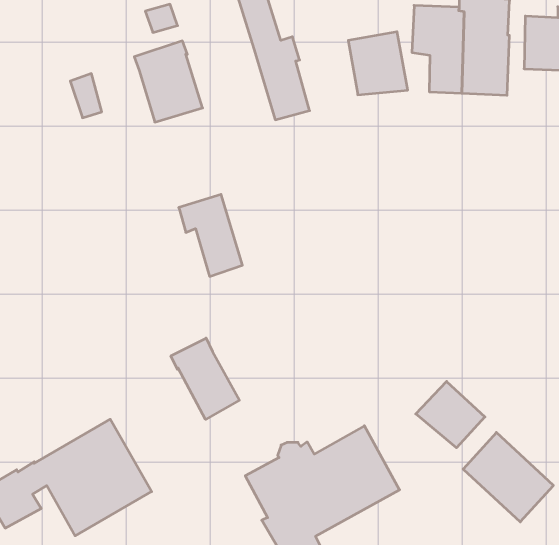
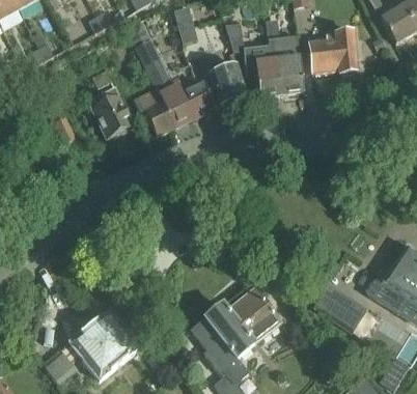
building: none -> [180,79,216,117]
building: [179,194,242,276] -> [133,87,174,135]
building: [171,338,239,419] -> none
building: [416,381,485,448] -> none

